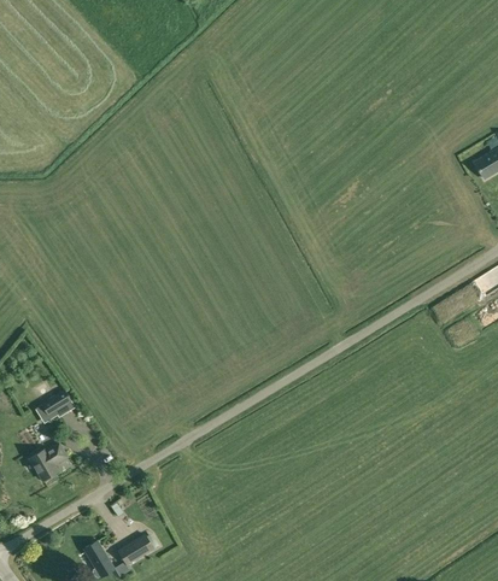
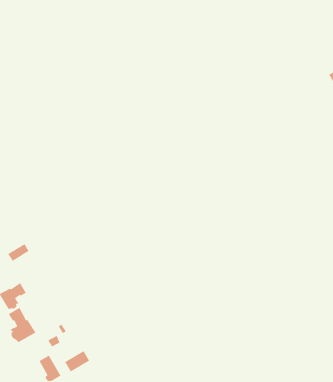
building: none -> [8,307,37,343]

